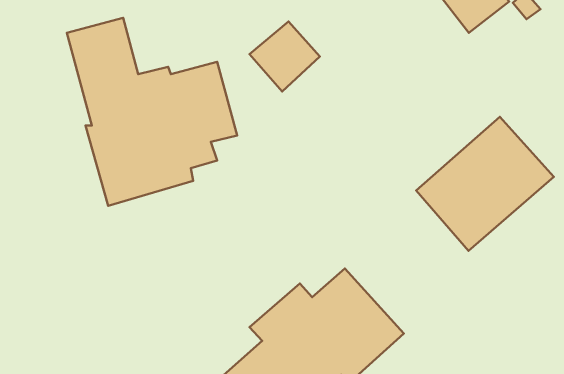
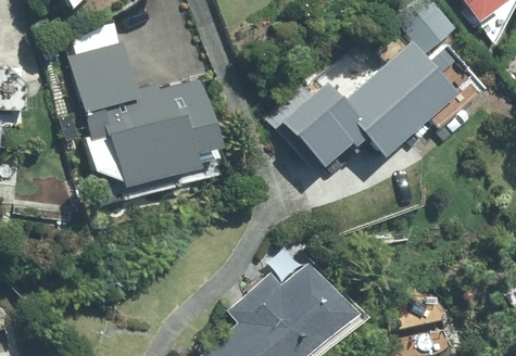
building: [250,21,320,92] -> [282,101,343,162]
building: [416,117,554,251] -> [332,40,452,156]

